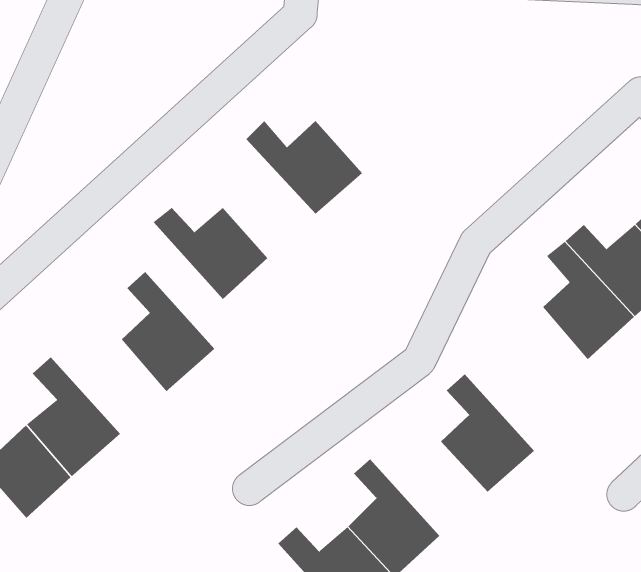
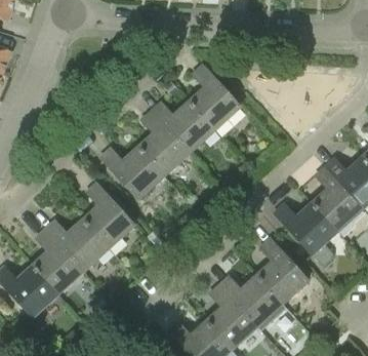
building: none -> [189,64,240,129]
building: none -> [138,111,189,175]
building: none -> [274,202,336,266]
building: none -> [45,220,108,271]
building: none -> [218,275,282,326]

